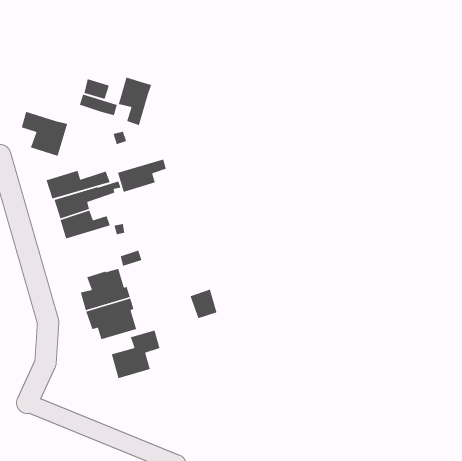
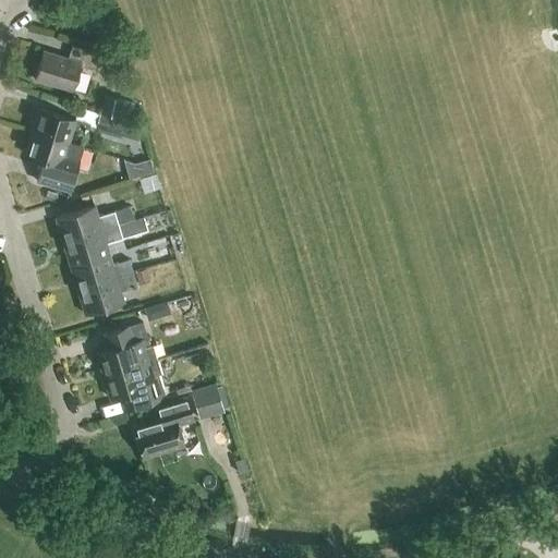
building: none -> [36,47,100,92]
building: [118,77,152,126] -> none
building: none -> [33,111,90,148]
building: [117,158,167,193] -> [78,275,138,316]
building: [190,288,218,319] -> [192,385,226,422]

